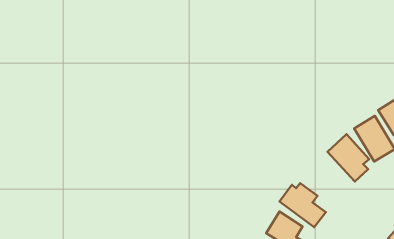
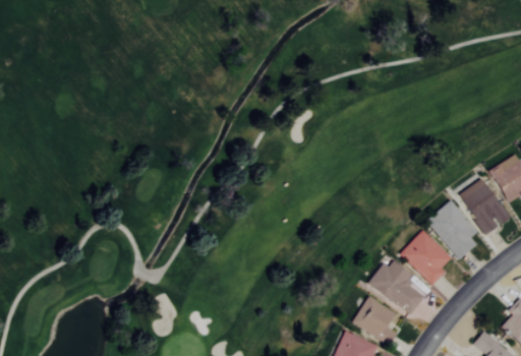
building: none -> [399,230,452,286]

